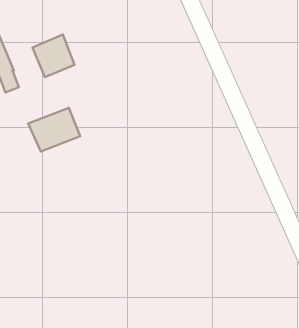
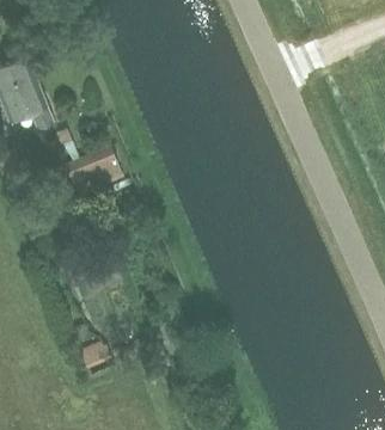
building: [33,35,74,77] -> none

